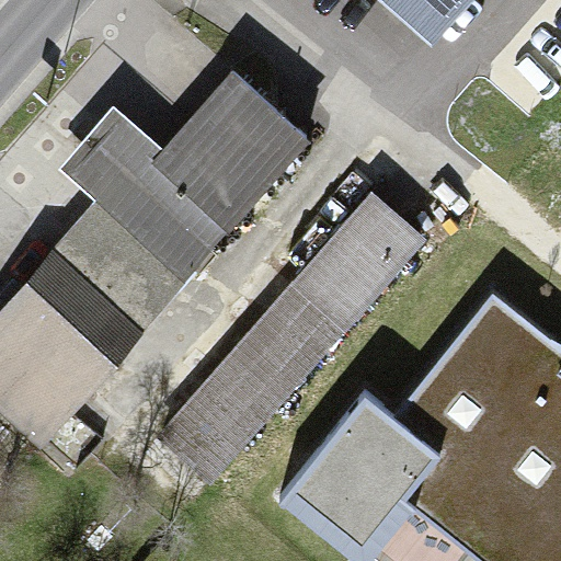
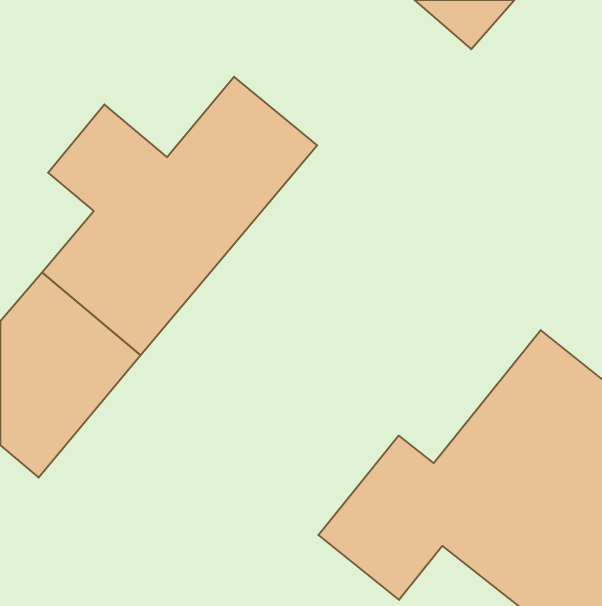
building: [161,203,420,472] -> none

